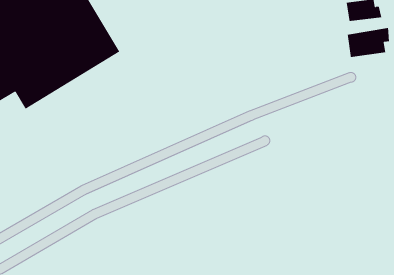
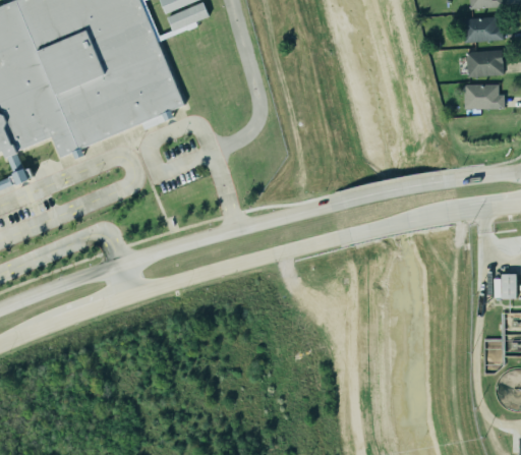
building: [347,27,389,58] -> none

